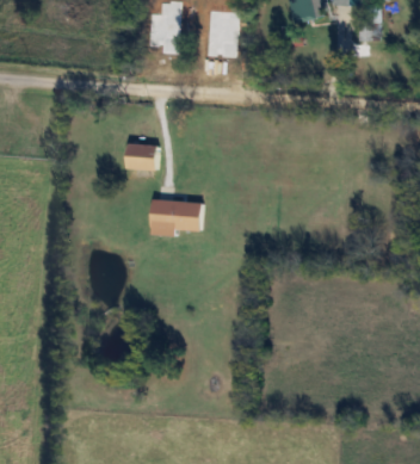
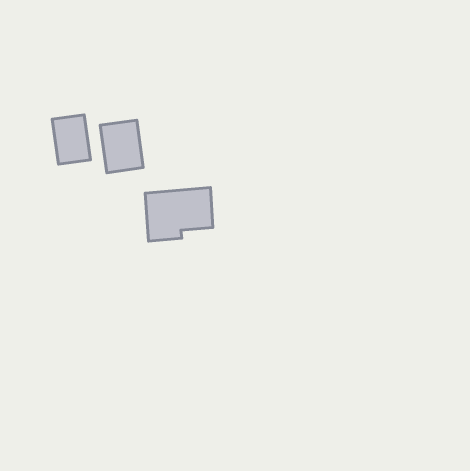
building: none -> [52,115,90,164]

